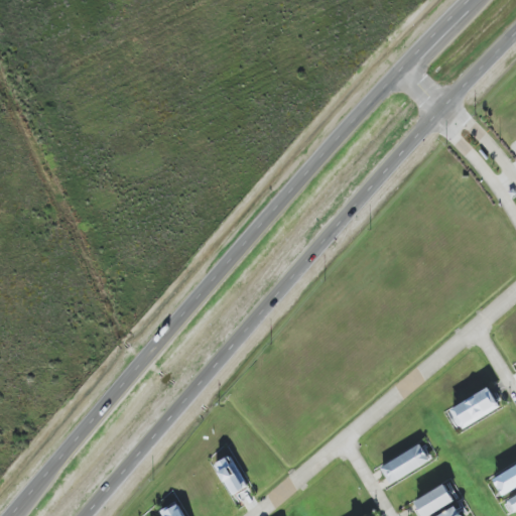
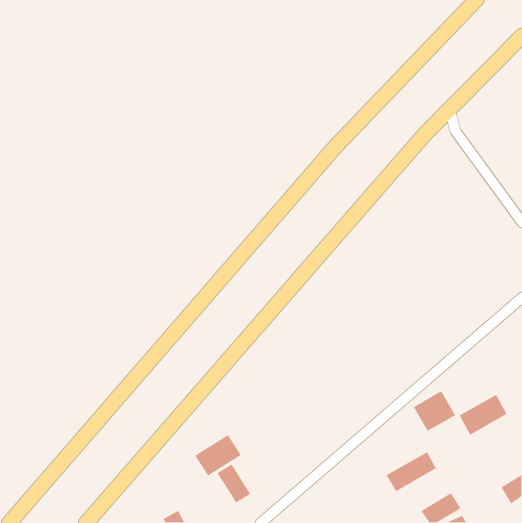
building: none -> [413,390,456,432]
building: none -> [194,434,242,477]

